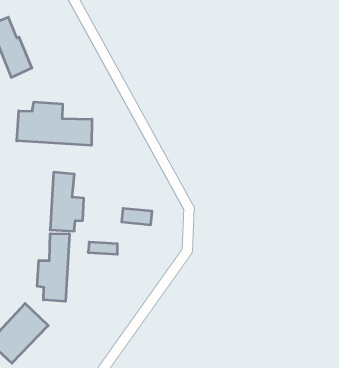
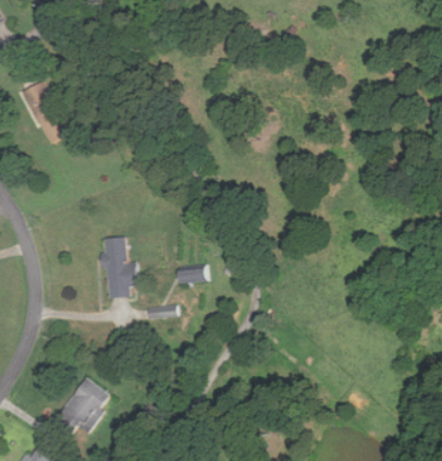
building: [17,102,92,145] -> none
building: [37,234,69,301] -> none

